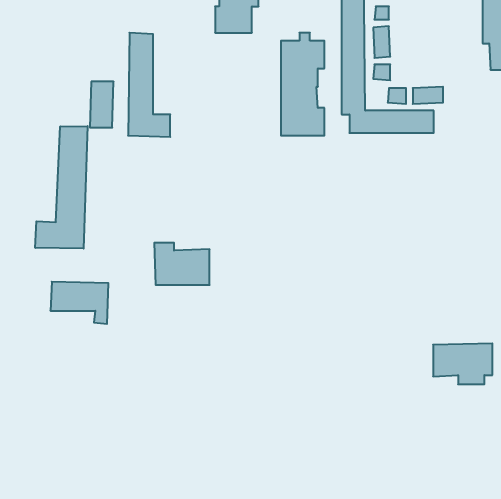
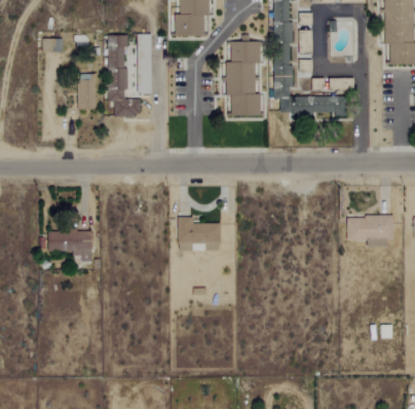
building: none -> [137,35,152,95]
building: [35,126,88,249] -> none
building: [154,243,210,285] -> [178,218,221,251]
building: [433,343,492,384] -> [347,216,393,248]

